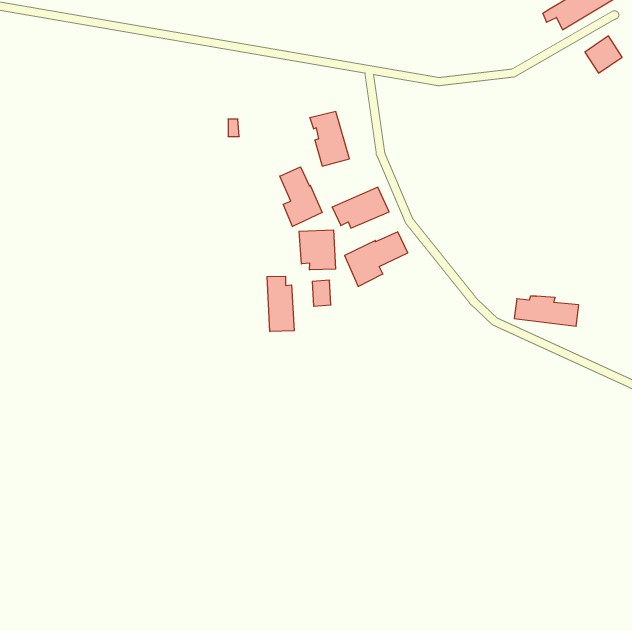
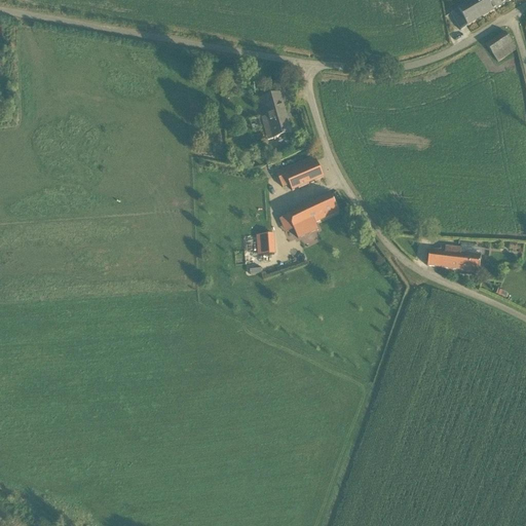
building: [280,167,322,226] -> none
building: [299,230,336,270] -> none
building: [267,276,294,332] -> none

